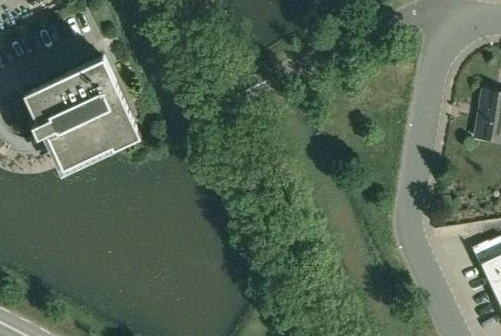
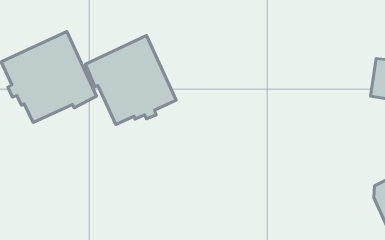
building: none -> [85,35,176,124]

